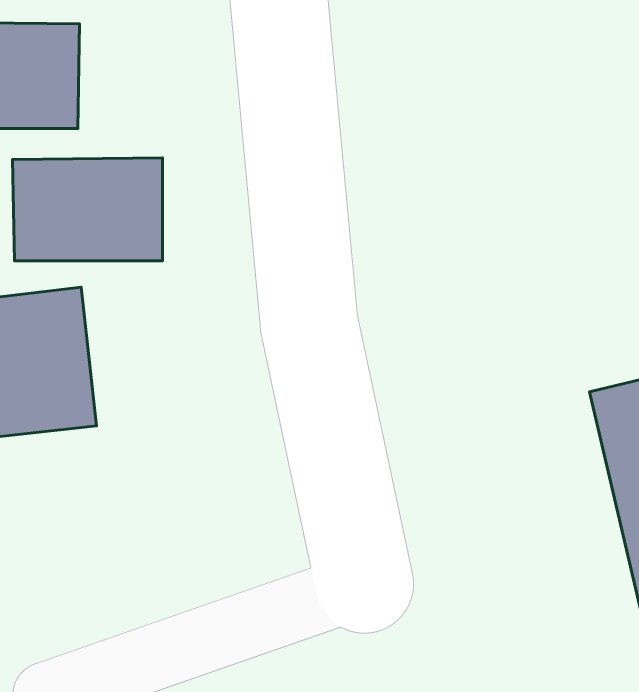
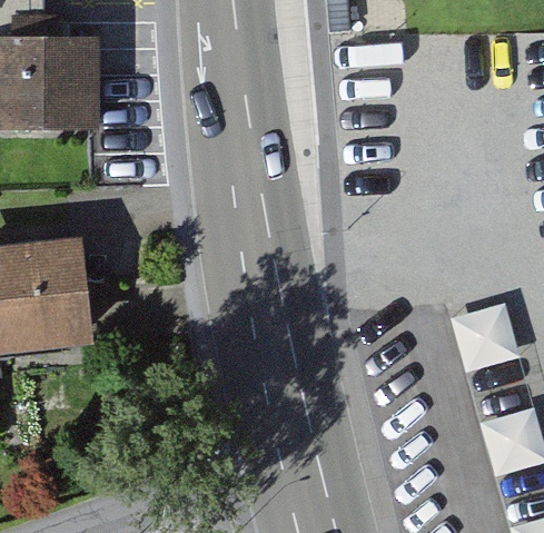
building: [13,158,163,261] -> none

